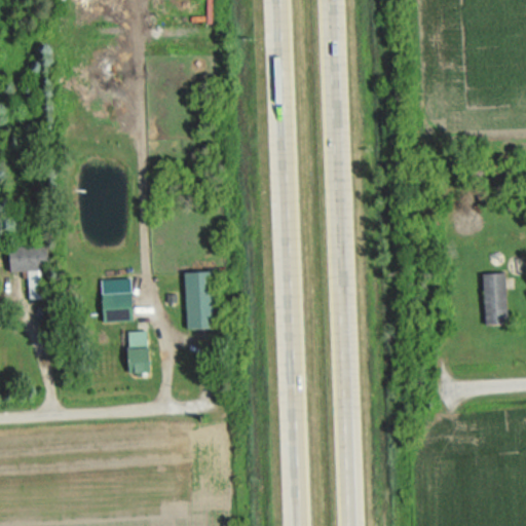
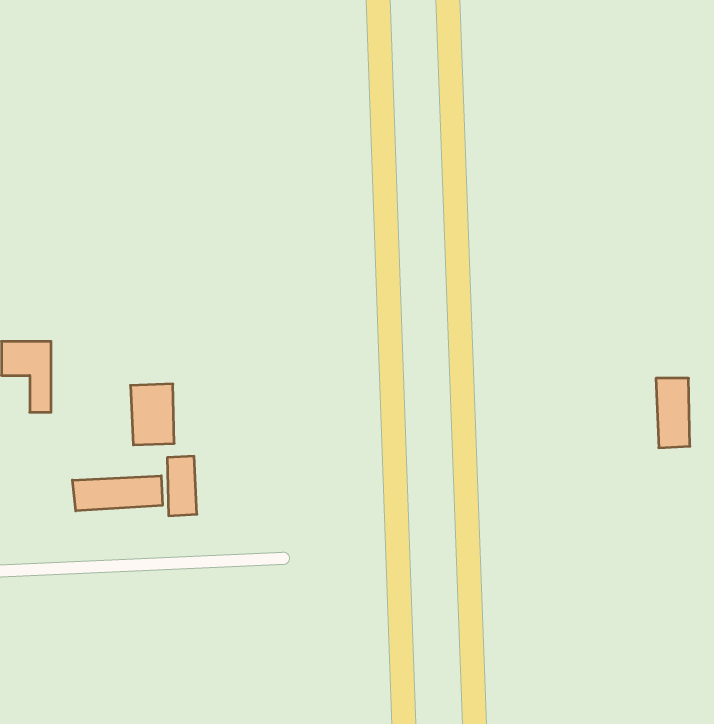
building: [185,271,214,329] -> none
building: none -> [72,476,162,511]

